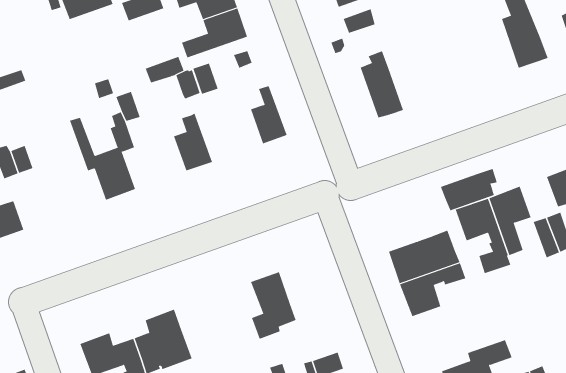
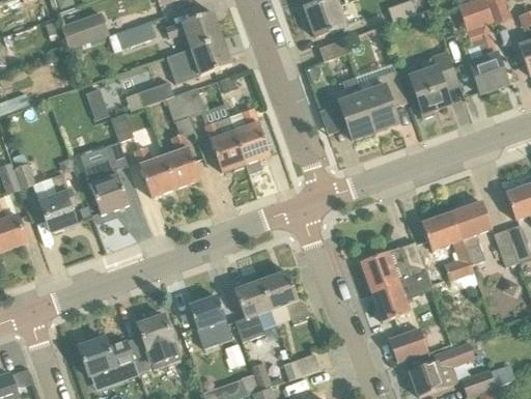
building: none -> [410,51,457,117]
building: none -> [362,69,406,131]
building: none -> [204,116,246,171]
building: none -> [135,145,175,196]
building: none -> [39,173,77,232]
building: [440,168,498,211] -> none
building: none -> [261,269,310,323]
building: none -> [189,294,233,342]
building: none -> [389,326,430,362]

